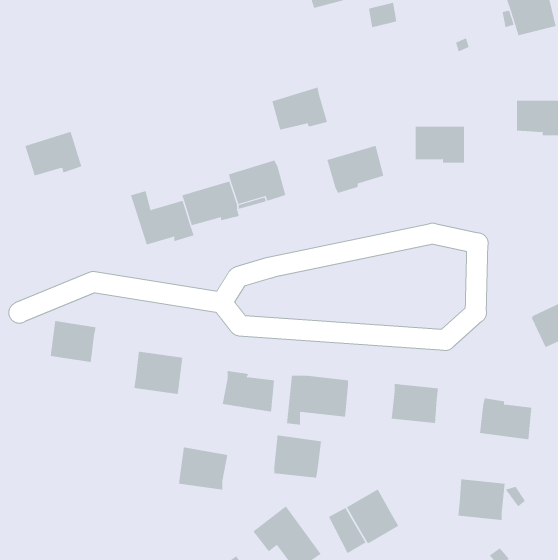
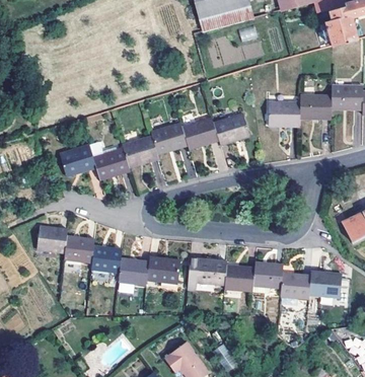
building: [272,87,328,130] -> [181,119,217,146]
building: none -> [299,95,332,119]
building: [24,131,82,176] -> [59,146,95,174]
building: none -> [63,234,94,260]
building: [273,435,322,478] -> [224,266,254,293]
building: [178,447,228,490] -> [118,256,149,284]
building: [457,479,506,521] -> [280,275,310,301]
building: [346,488,399,545] -> none

